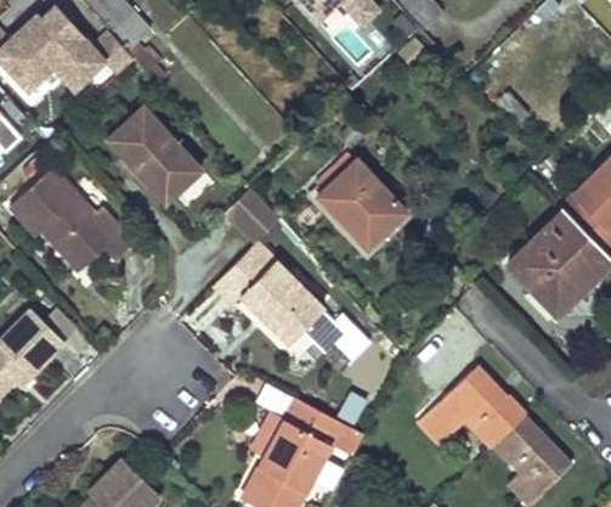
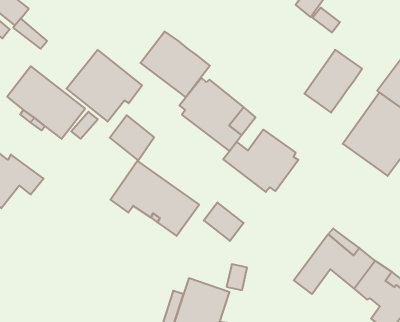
building: none -> [140,31,210,97]
building: none -> [66,50,142,122]
building: none -> [304,50,362,113]
building: none -> [223,130,298,192]

